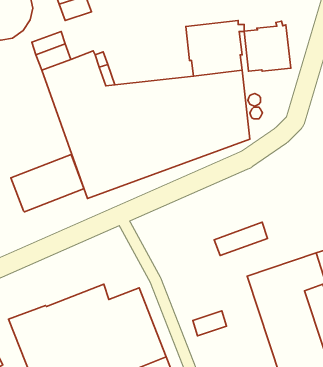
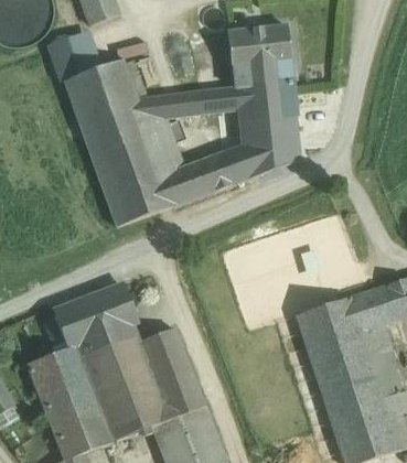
building: [244,21,291,71] -> none
building: [11,154,84,212] -> [55,283,138,348]
building: [214,222,268,255] -> none
building: [193,311,226,336] -> none

